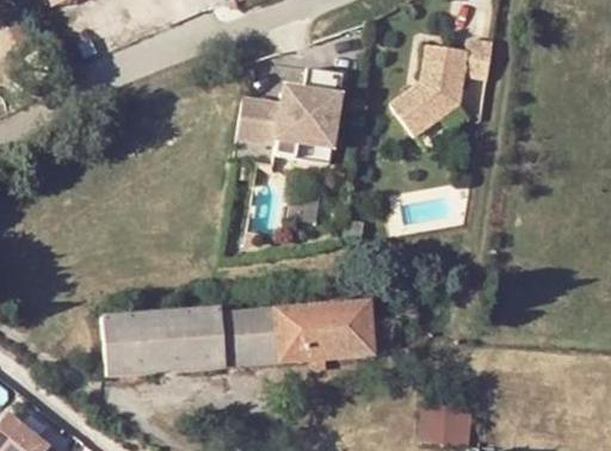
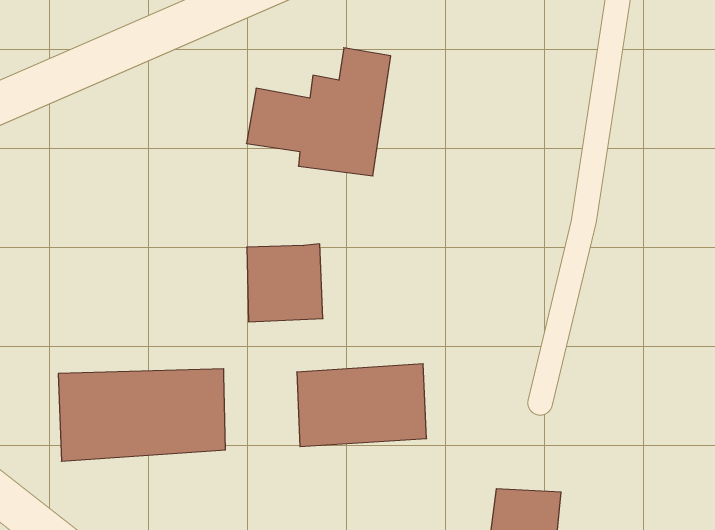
building: [393,41,494,140] -> none
building: [222,309,278,366] -> [247,244,323,322]

